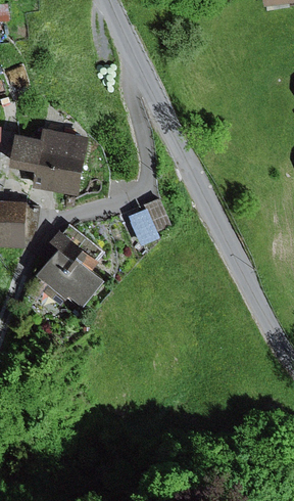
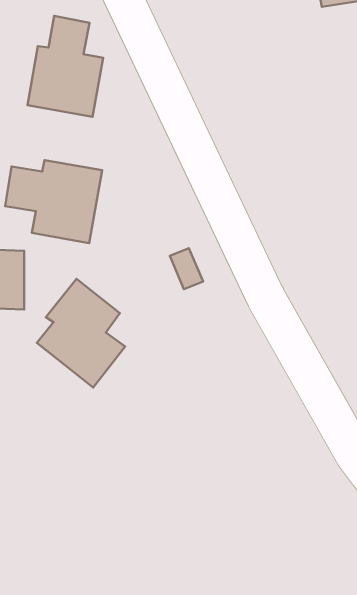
building: none -> [27,16,103,117]

